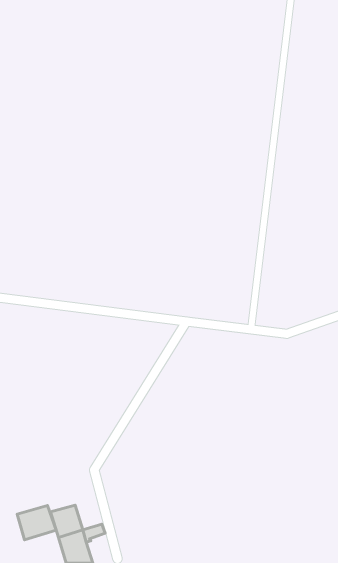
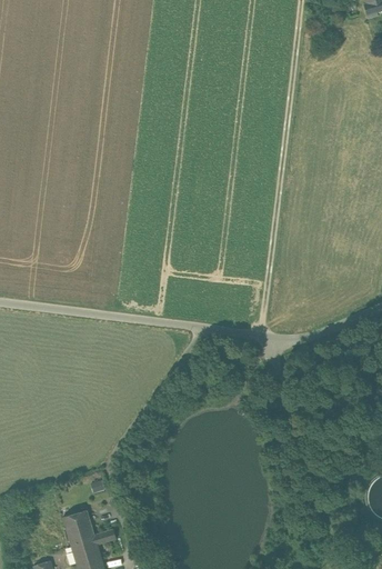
building: [17,505,56,540] -> none

